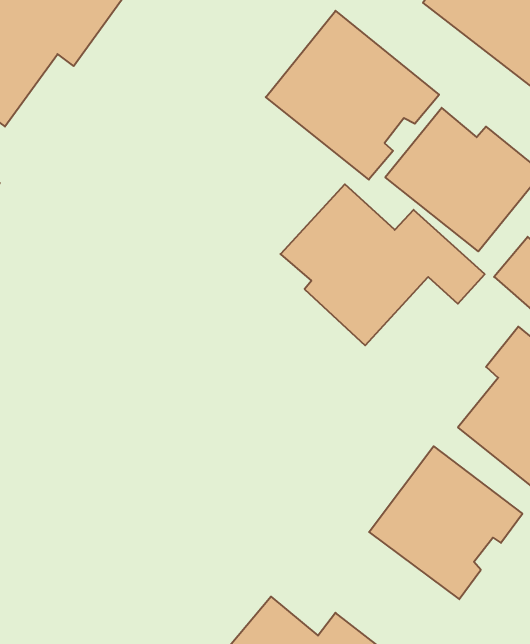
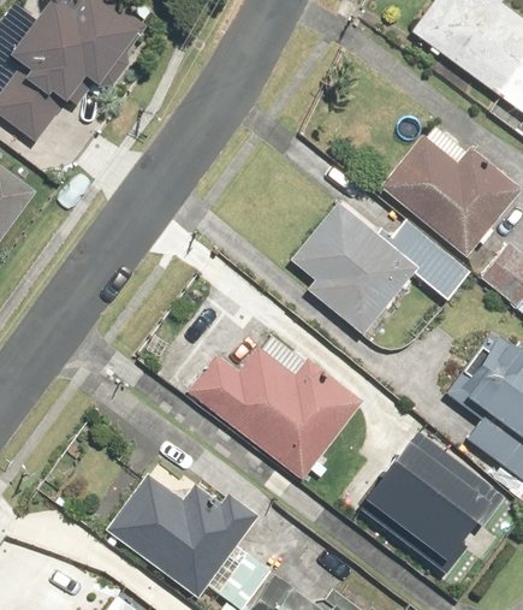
building: [266,11,439,180] -> none
building: none -> [192,343,363,480]
building: none -> [105,473,256,597]

